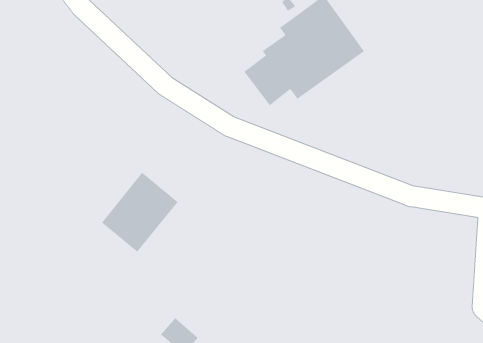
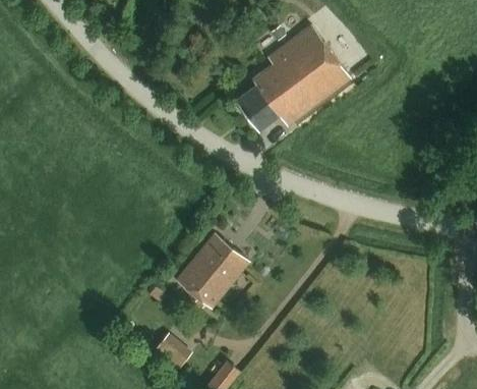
building: [101,172,178,252] -> [174,233,247,310]

